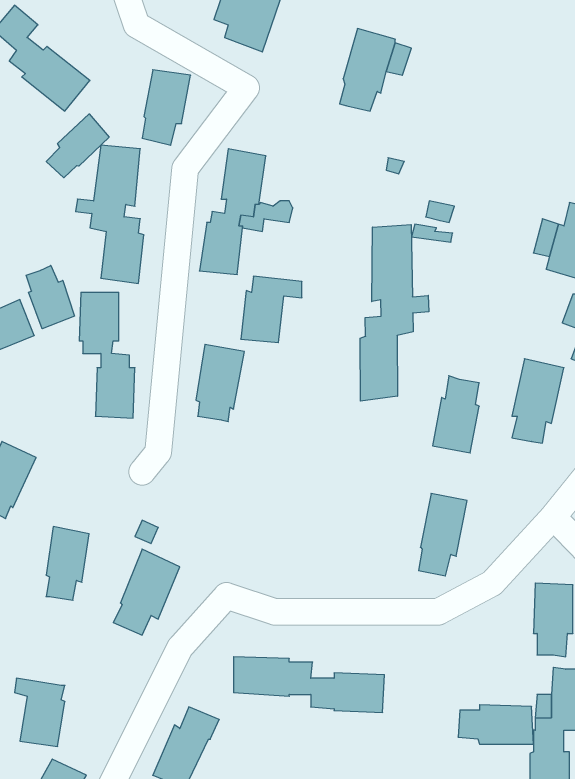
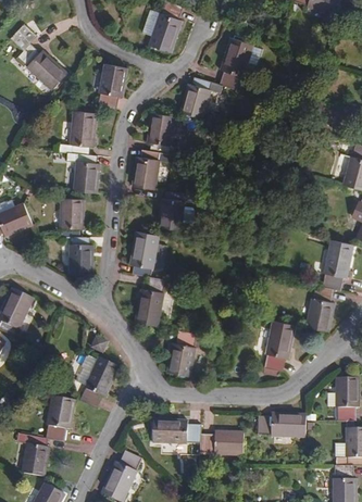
building: none -> [180,77,222,120]
building: [46,114,109,178] -> none
building: [360,225,429,401] -> none
building: [26,265,74,329] -> none
building: [433,376,479,453] -> [305,285,334,331]
building: none -> [135,276,164,326]
building: none -> [167,330,197,376]
building: [46,527,89,600] -> [49,394,75,439]
building: [458,705,533,744] -> [260,411,305,435]

